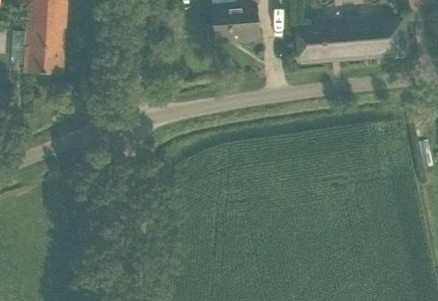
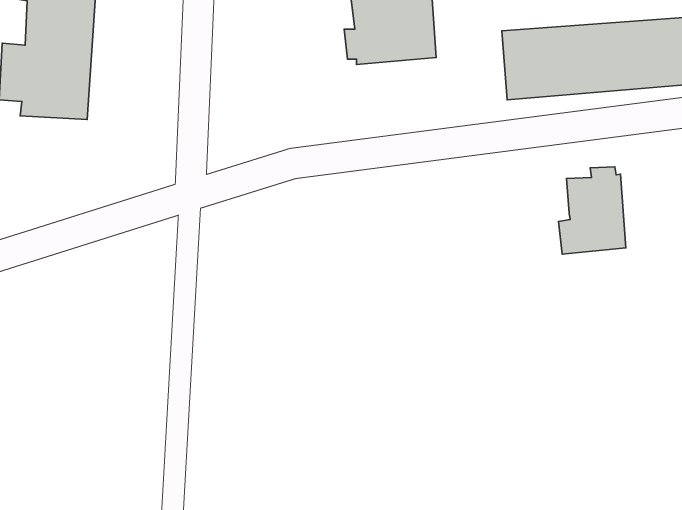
building: none -> [559,167,626,254]

